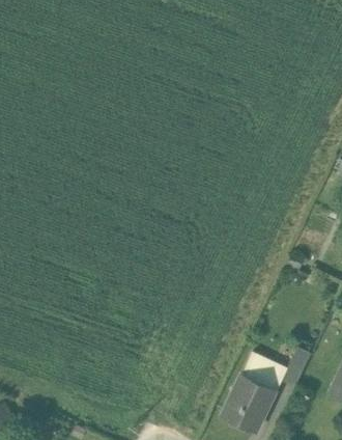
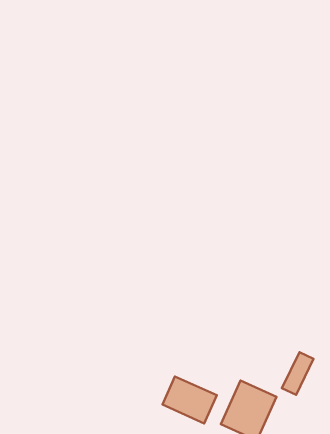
building: none -> [163,377,217,423]

